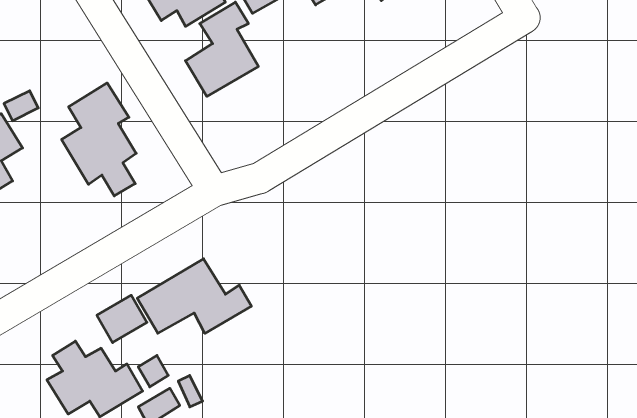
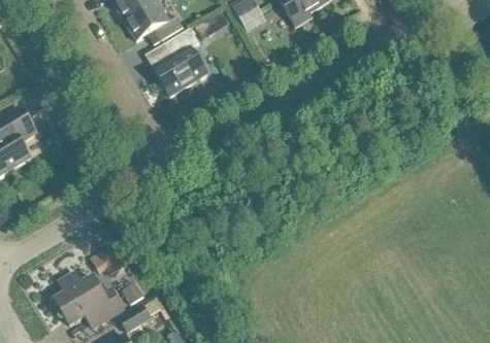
building: [62,83,136,196] -> none
building: [137,259,251,333] -> none

